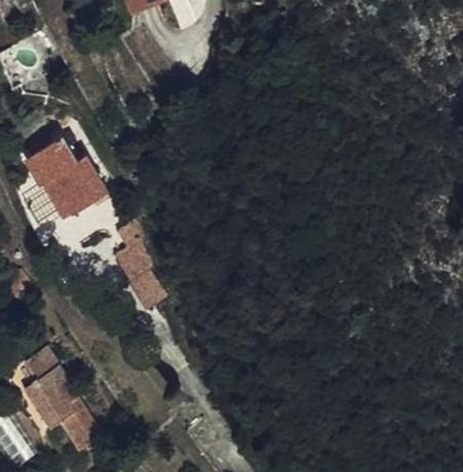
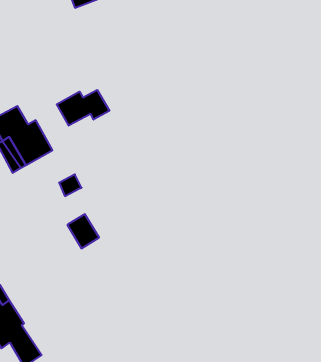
building: none -> [57,90,109,126]
building: [115,235,153,280] -> none

